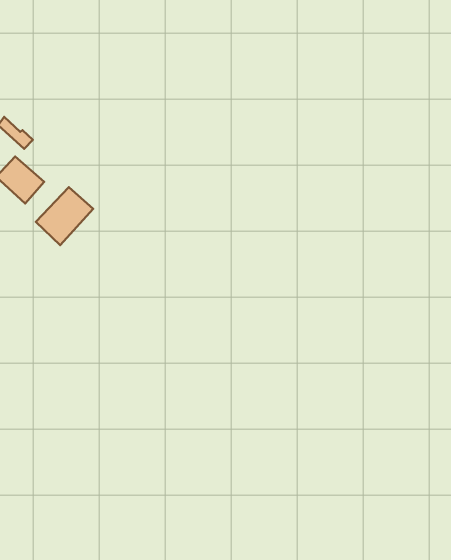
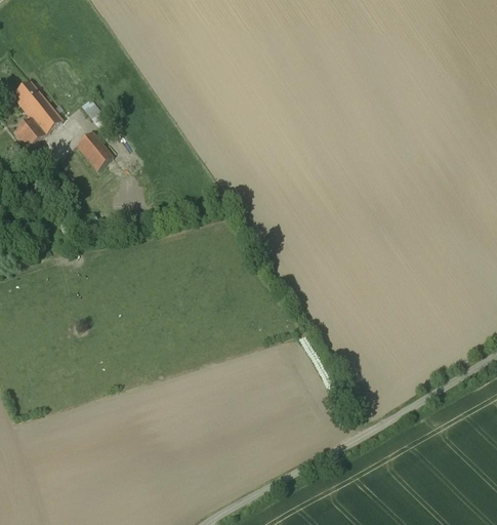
building: [36,187,93,245] -> none

